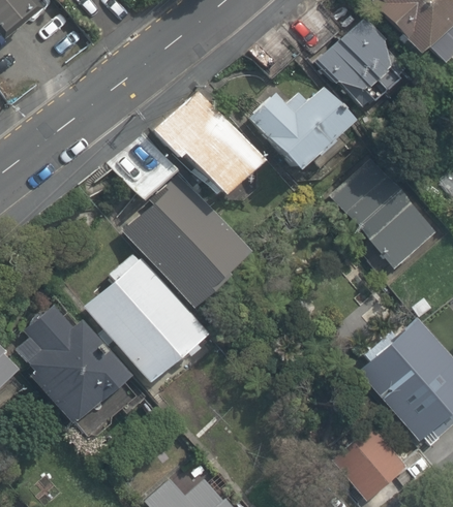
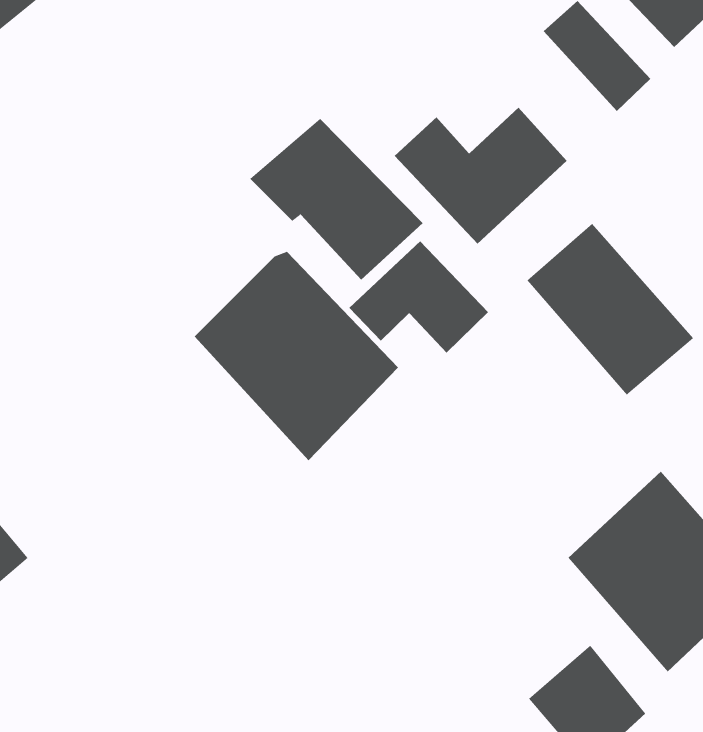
building: [320,38,390,113] -> none
building: none -> [349,240,489,353]
building: [84,252,210,381] -> none
building: [9,304,130,423] -> none

